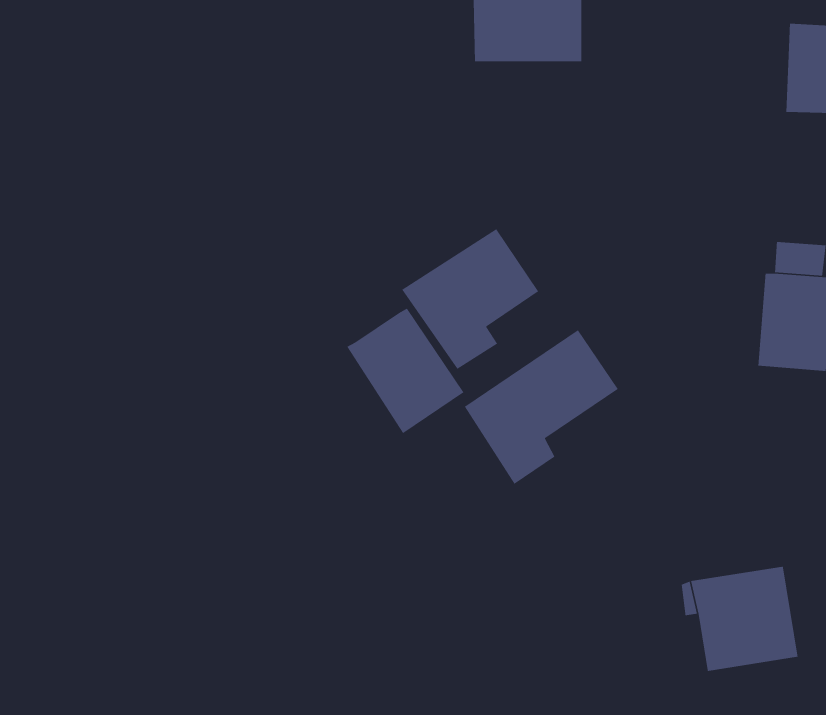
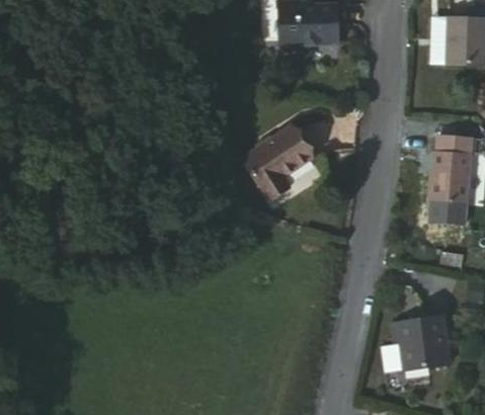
building: [346,308,464,434] -> none
building: [464,329,619,485] -> none

